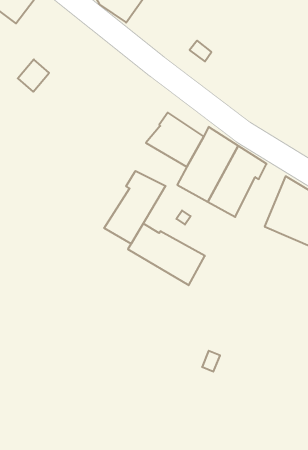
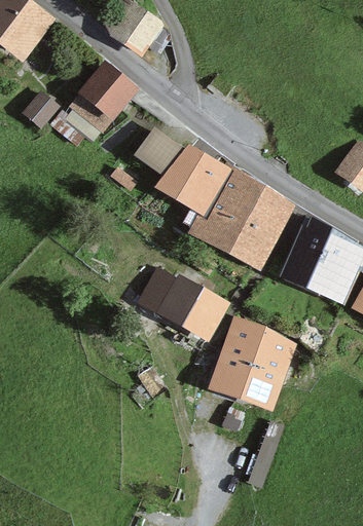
building: none -> [73,67,132,127]
building: none -> [137,133,179,174]
building: [104,171,166,244] -> none
building: none -> [218,324,284,399]

